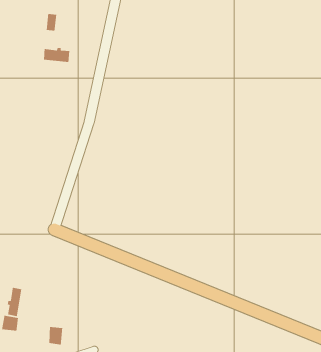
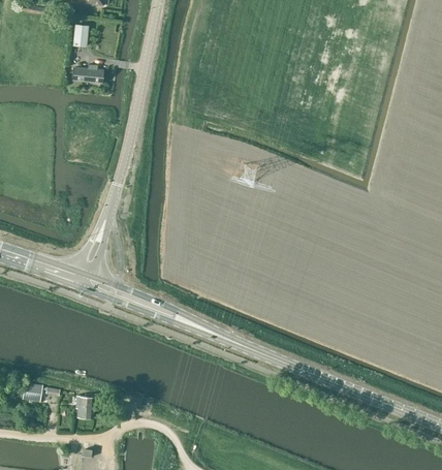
building: [7,287,22,317] -> none

